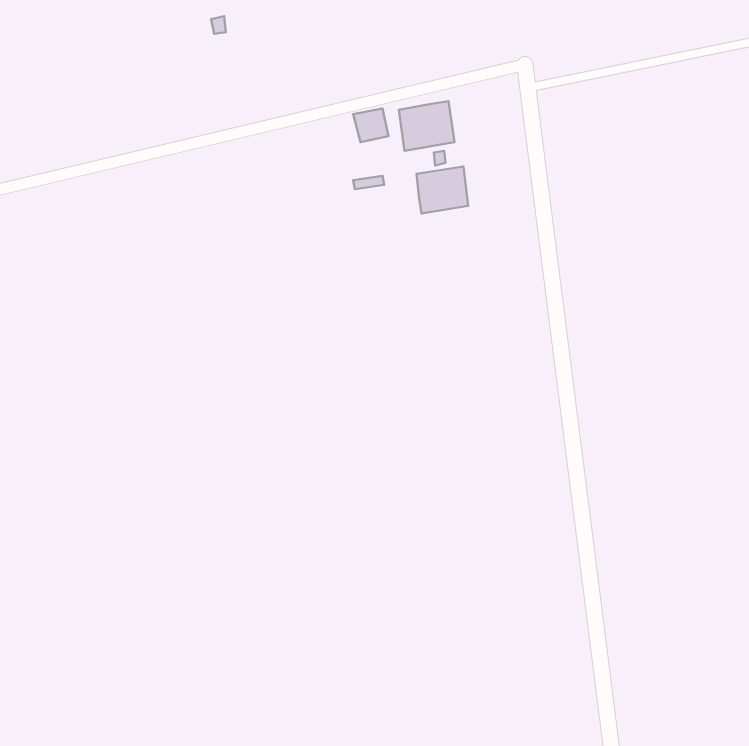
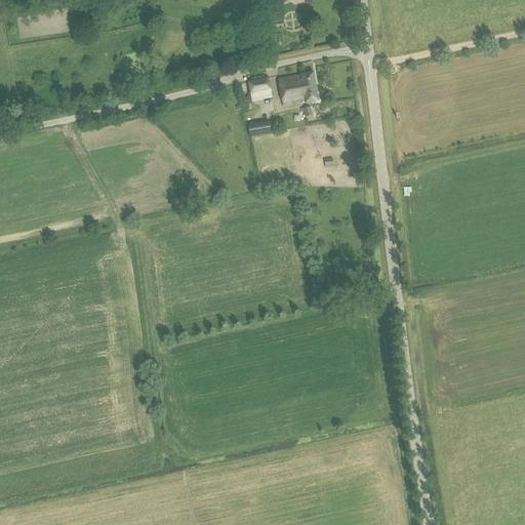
building: [417,166,468,213] -> none

